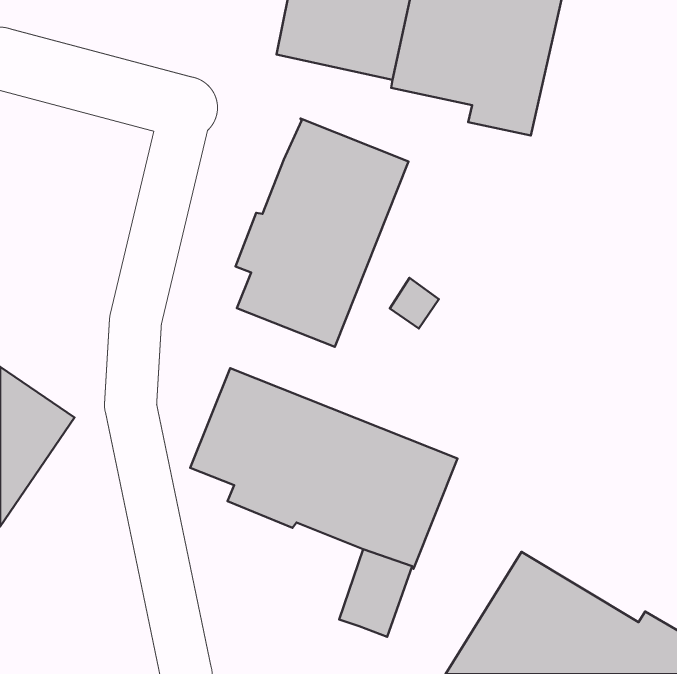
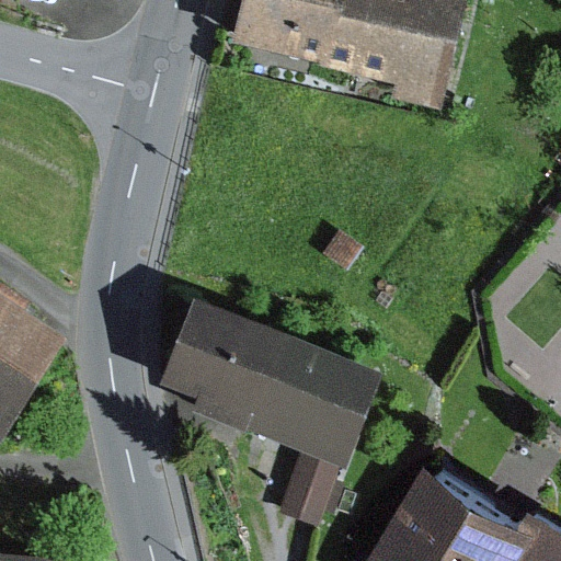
building: [235,118,409,347] -> none

